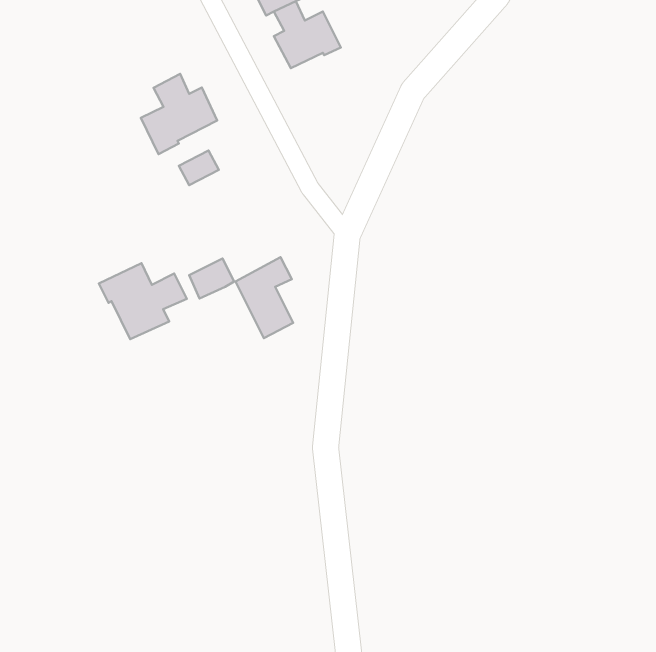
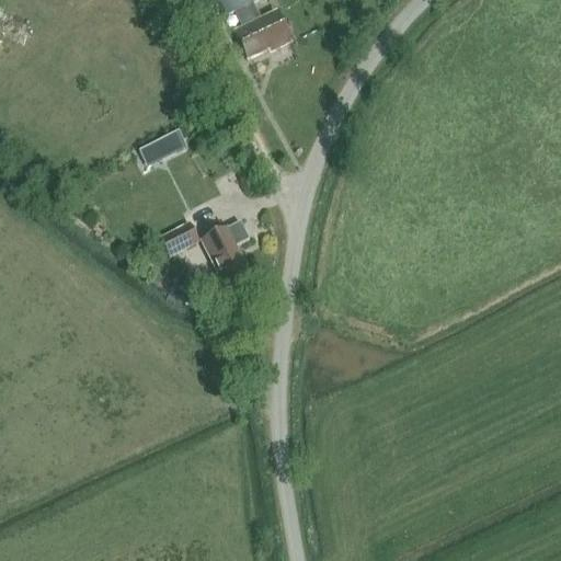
building: [141,74,217,154] -> none
building: [99,263,187,339] -> none

